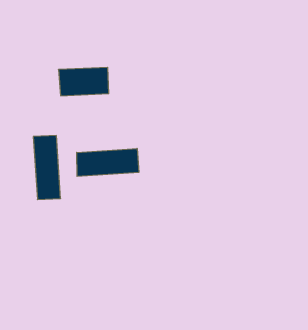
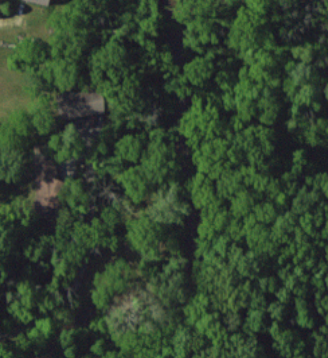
building: [77,148,139,176] -> none

